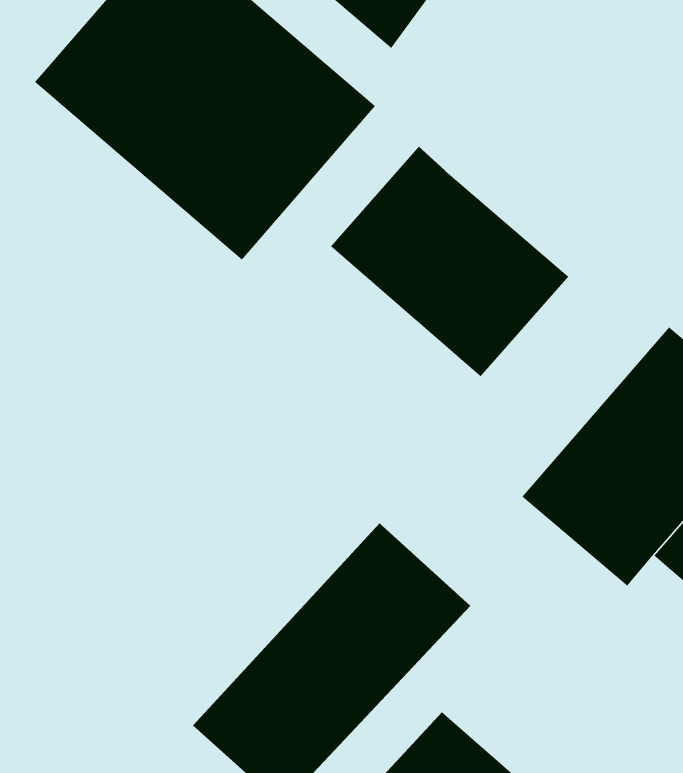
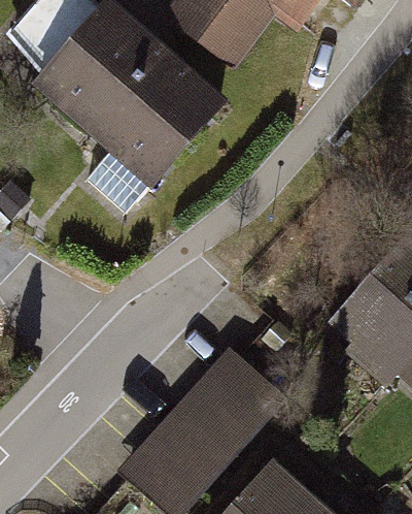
building: [330,146,569,377] -> none

